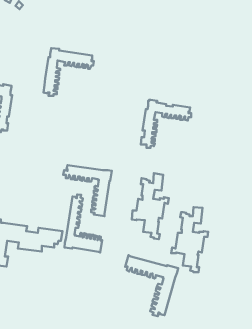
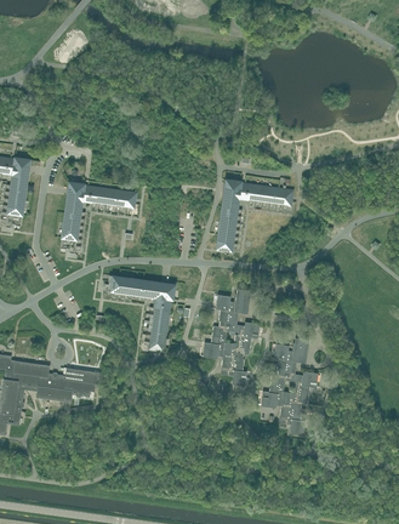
building: [44,48,94,96] -> [61,182,135,252]
building: [64,194,102,253] -> none
building: [125,255,178,316] -> none

